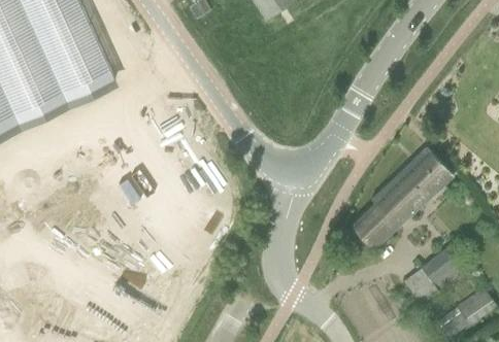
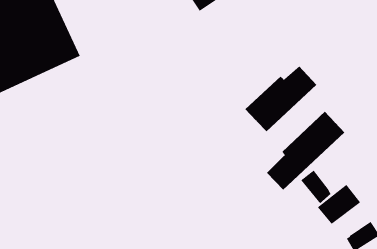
building: none -> [245,65,317,132]
building: none -> [300,170,332,204]

